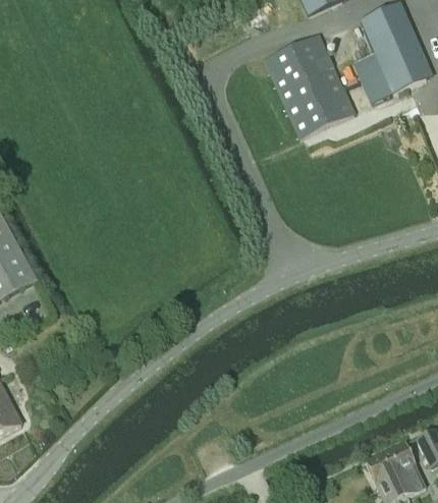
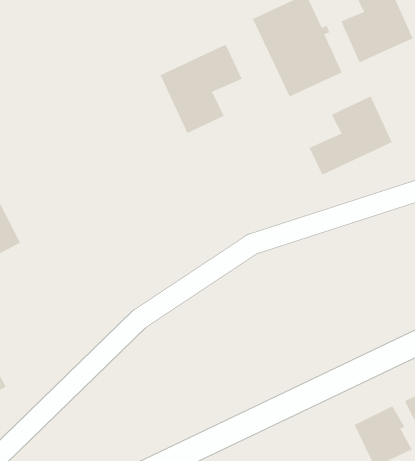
building: none -> [160,44,243,134]
building: none -> [309,96,393,176]

